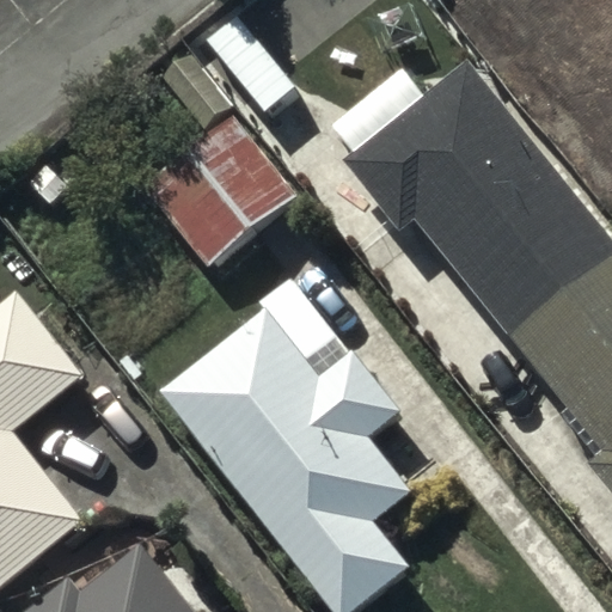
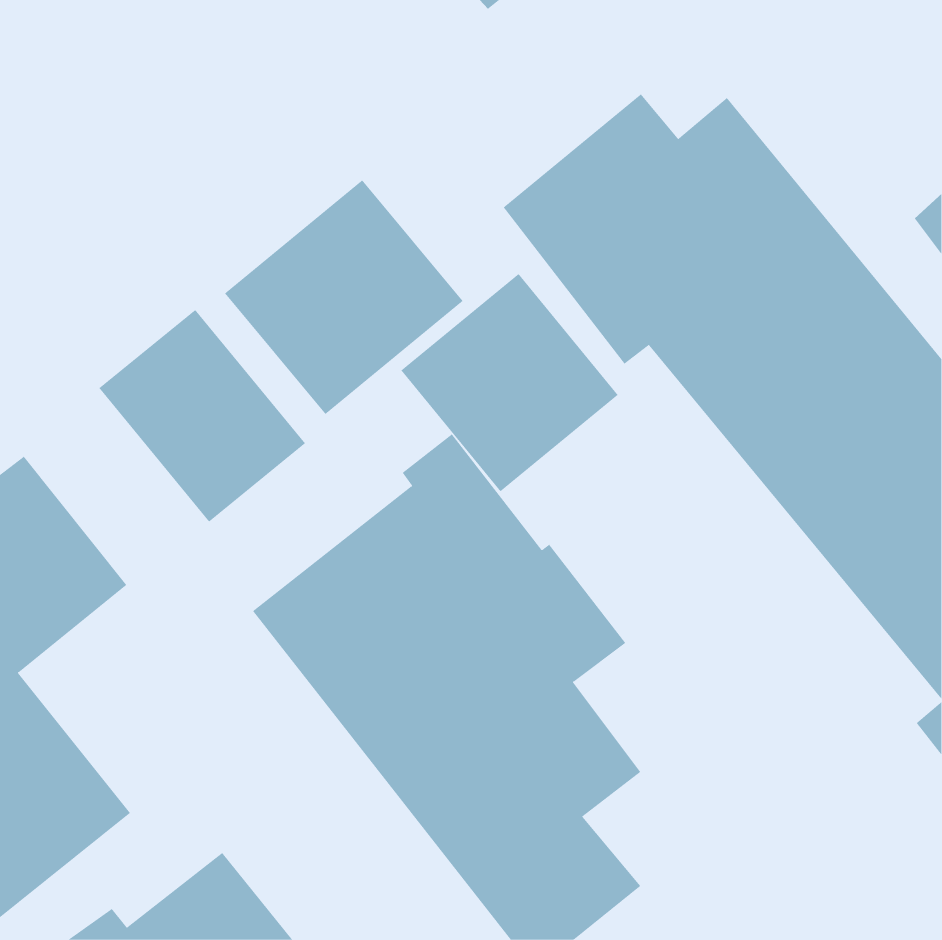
building: none -> [401,273,618,492]
building: none -> [98,309,306,522]

